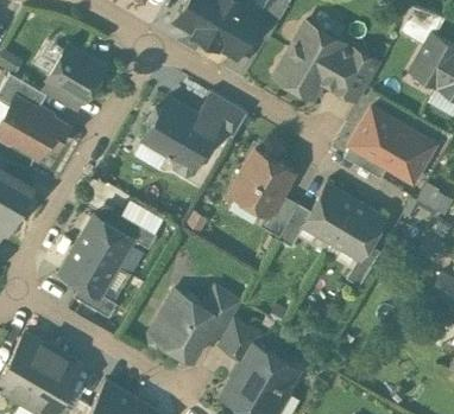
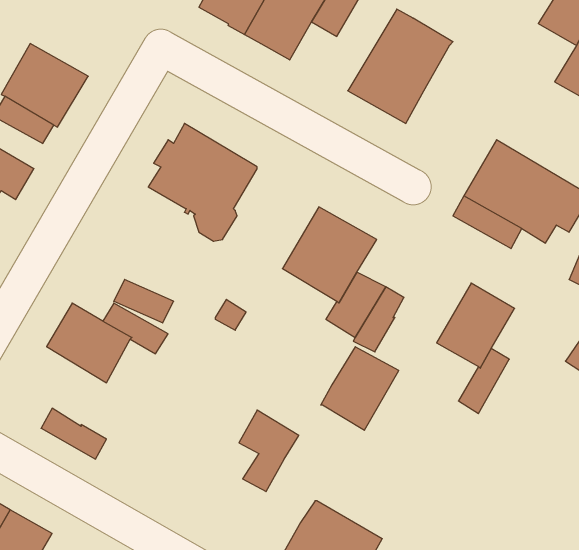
building: [323,47,379,103] -> none
building: [196,93,246,139] -> none
building: [303,187,354,242] -> [321,347,399,430]
building: [59,244,115,297] -> none
building: [147,291,215,359] -> none
building: [216,318,259,359] -> none

